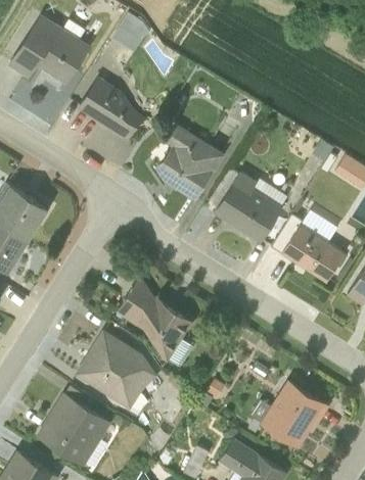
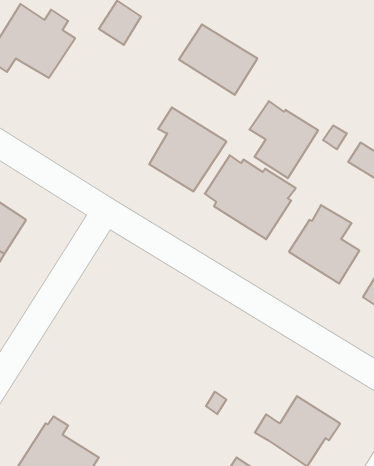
building: [76,84,146,147] -> [179,24,257,95]
building: none -> [249,101,318,178]
building: [117,284,194,358] -> none
building: [74,335,157,416] -> none

